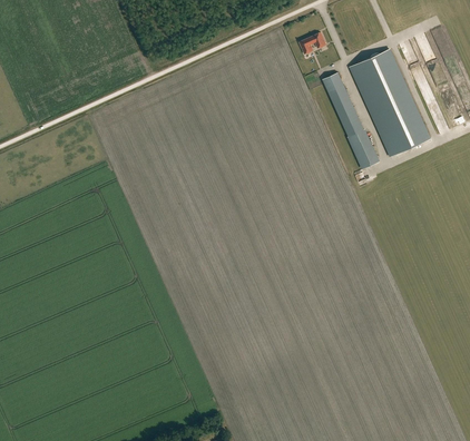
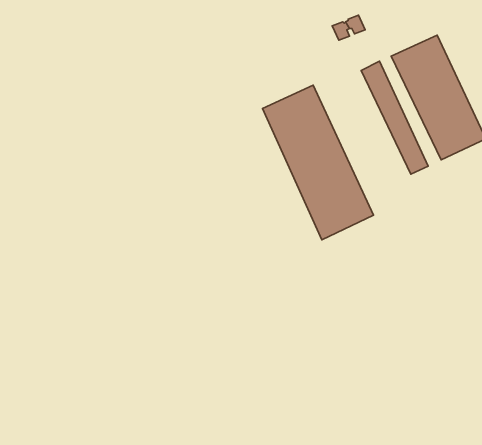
building: none -> [262,85,373,240]

